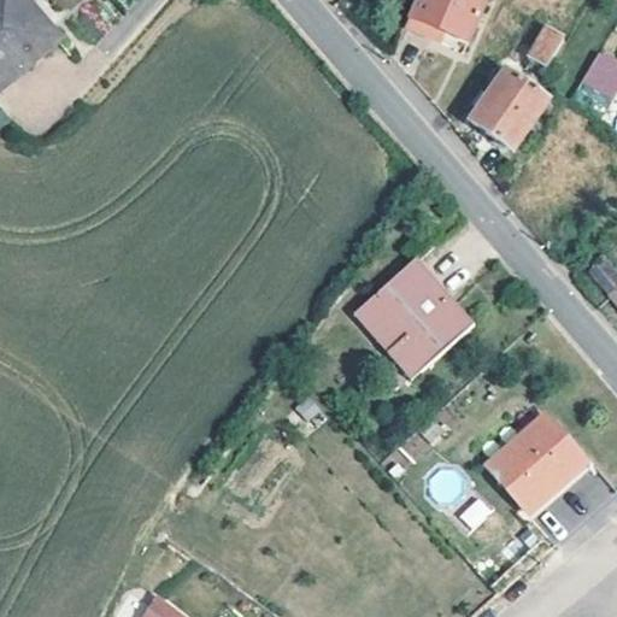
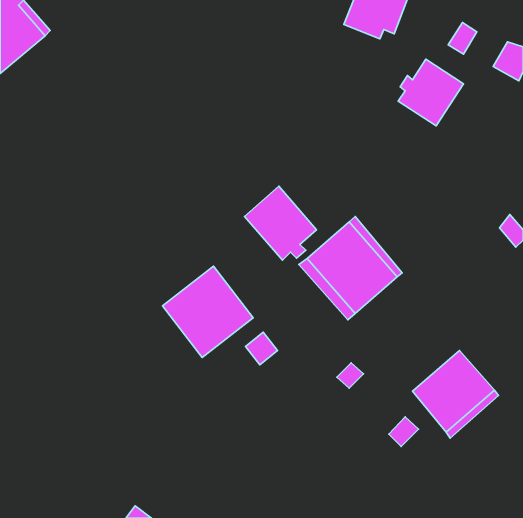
building: none -> [244,186,317,260]
building: none -> [162,266,253,357]

